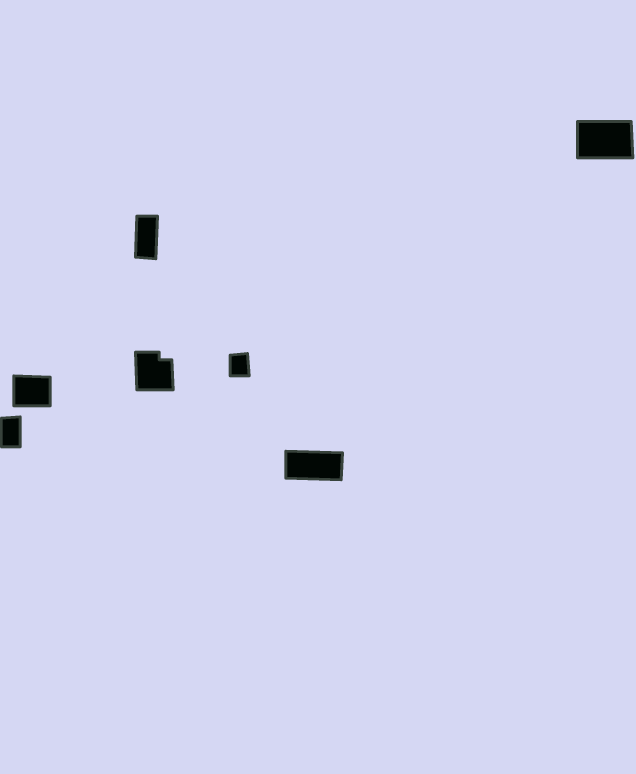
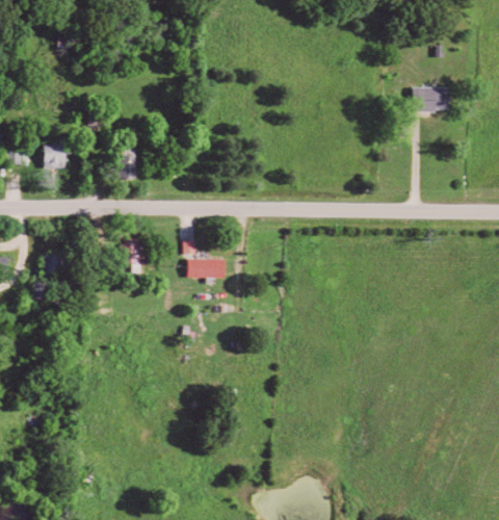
building: none -> [44,144,65,167]
building: [286,451,343,480] -> [188,259,226,278]

